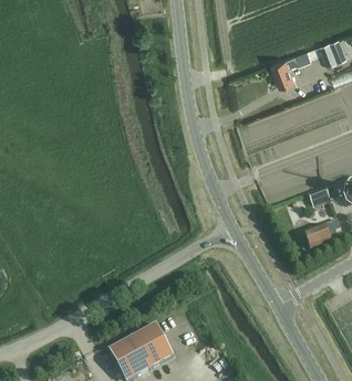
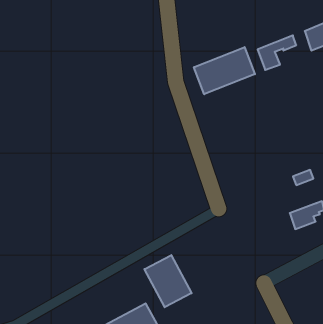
building: none -> [194,47,255,94]
building: none -> [144,255,192,307]

